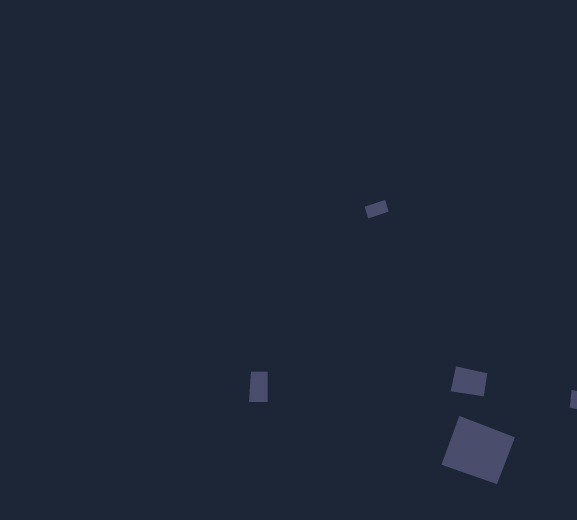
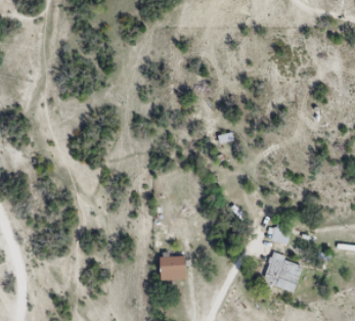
building: none -> [160,257,185,280]

